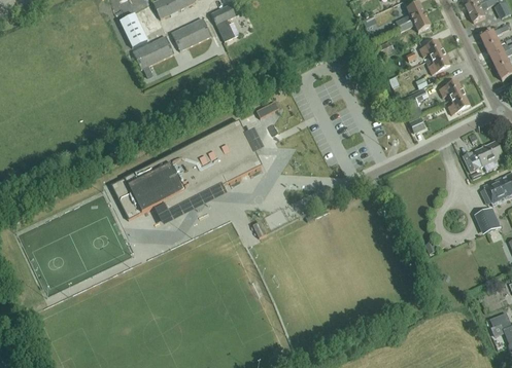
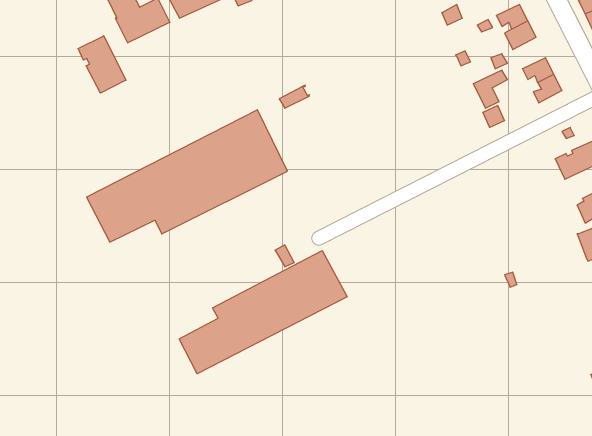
building: none -> [78,36,126,93]
building: none -> [179,251,347,374]

